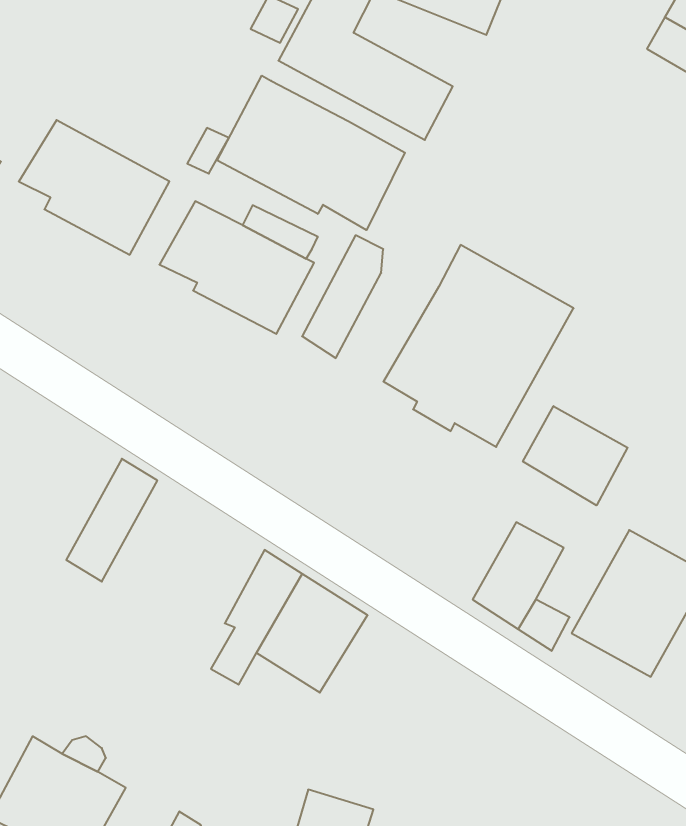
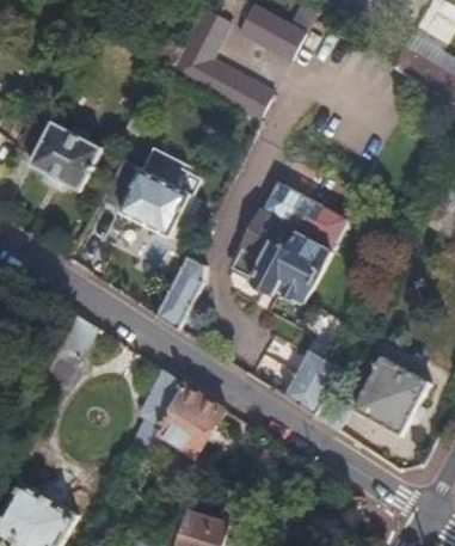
building: [217,76,405,230] -> none
building: [302,235,383,358] -> [156,254,205,329]
building: [523,406,628,505] -> none

